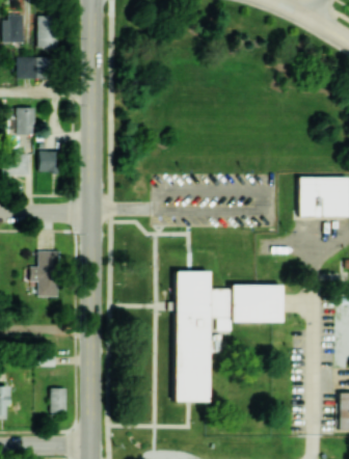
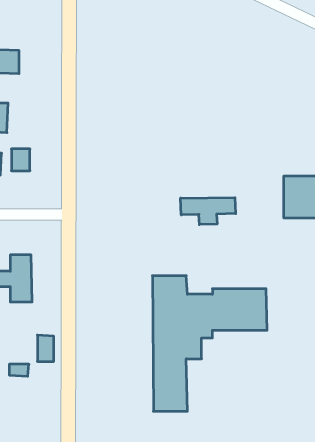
building: [38,16,58,48] -> none
building: none -> [181,198,236,225]
building: [51,387,66,412] -> [37,335,54,361]

